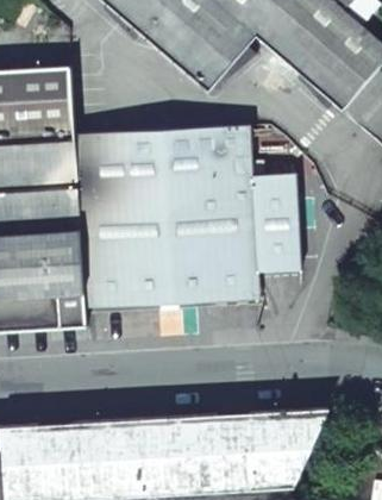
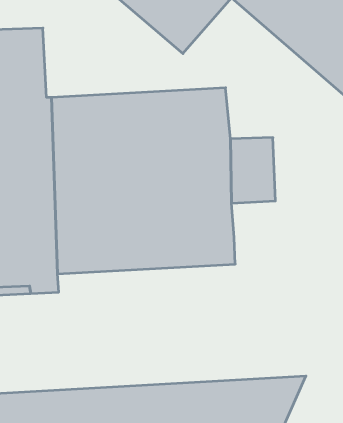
building: [255,237,300,273] -> none

